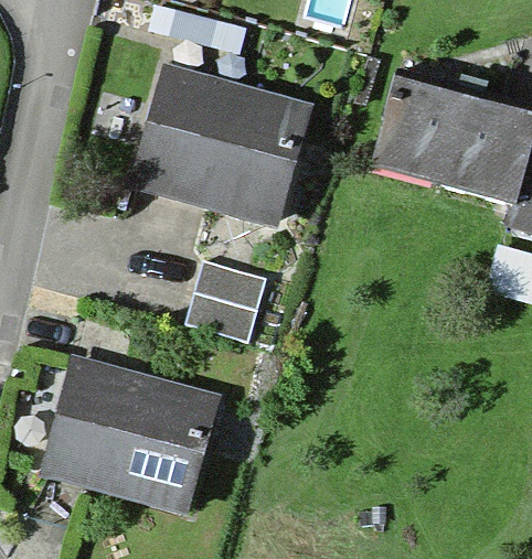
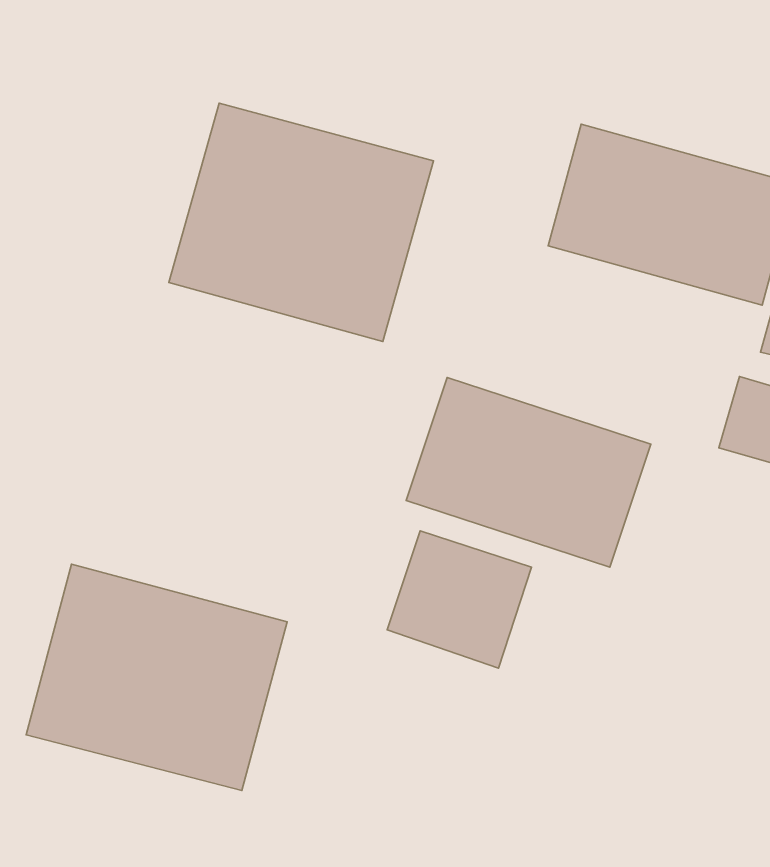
building: none -> [406,377,651,567]
building: [182,258,274,345] -> [387,531,532,668]

